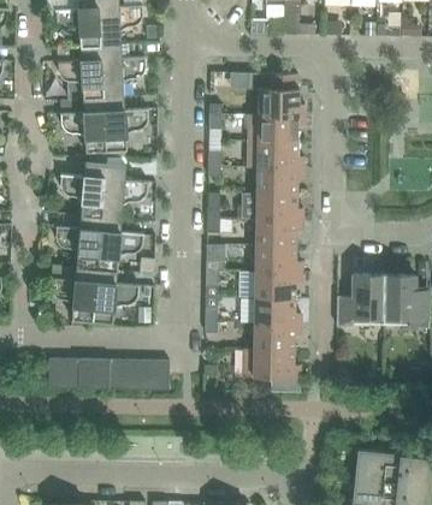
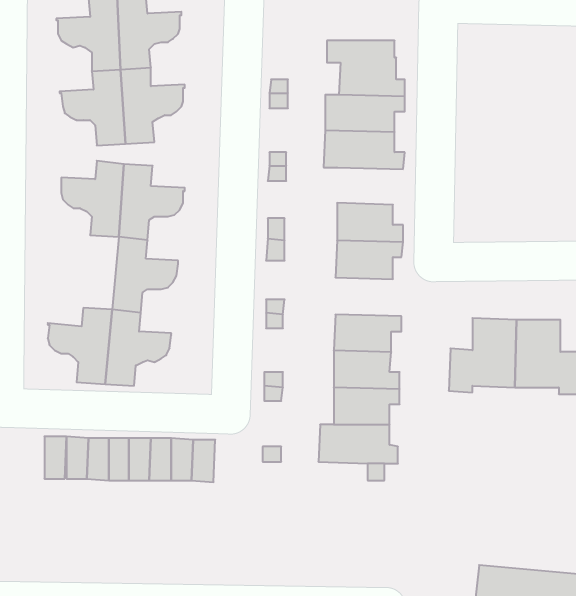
building: [256,167,303,194] -> none
building: [55,215,101,268] -> none
building: [255,245,302,273] -> none

